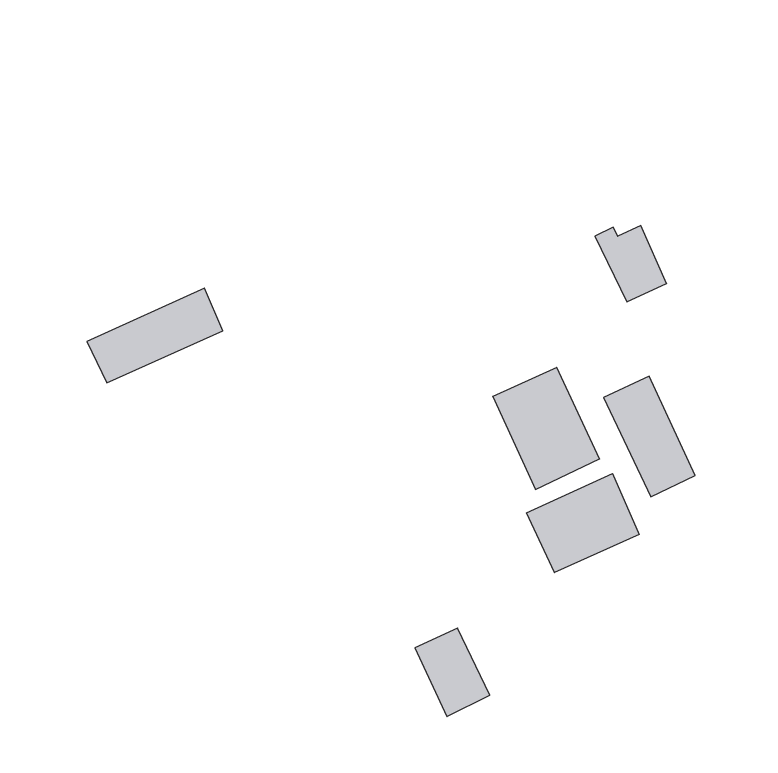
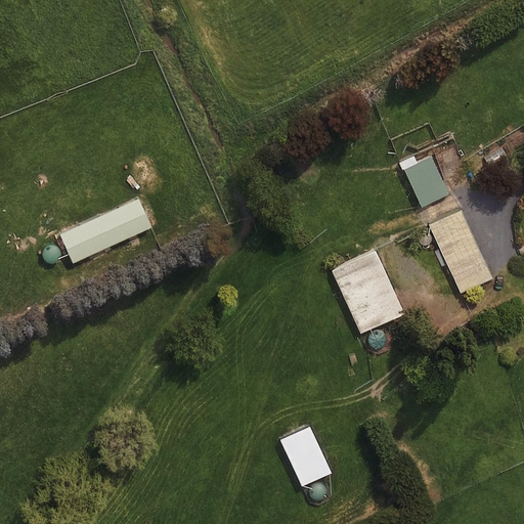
building: [604,376,695,497] -> [429,211,490,292]
building: [527,474,639,573] -> none

